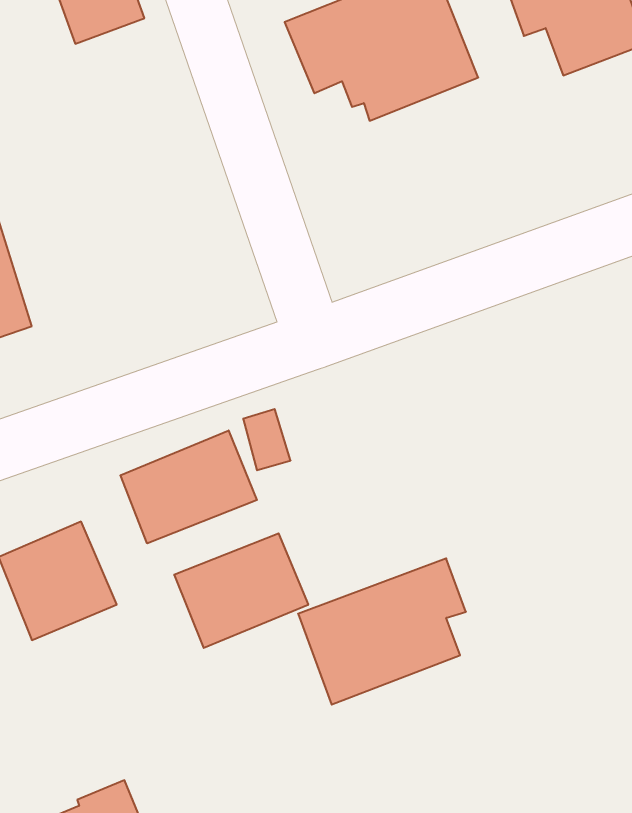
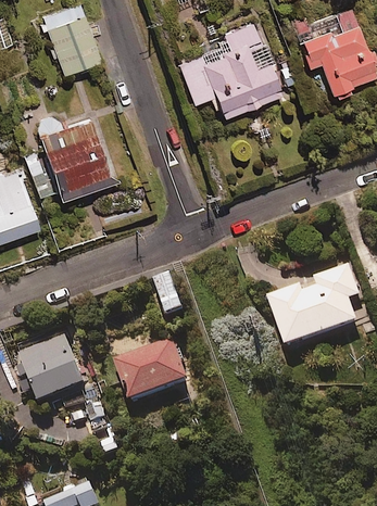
building: none -> [38,116,109,200]
building: [120,430,257,543] -> none
building: [298,558,466,705] -> [271,270,363,351]

